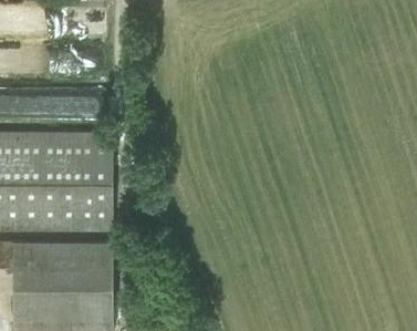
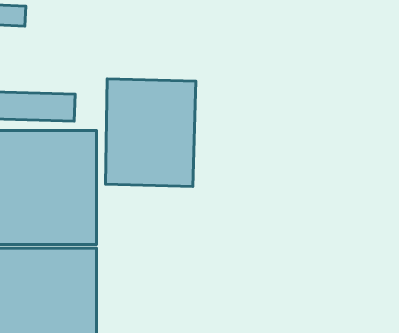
building: none -> [105,79,196,187]

